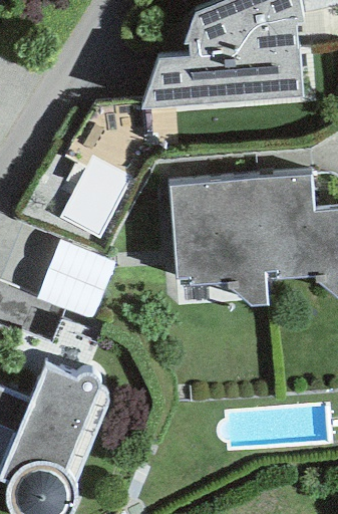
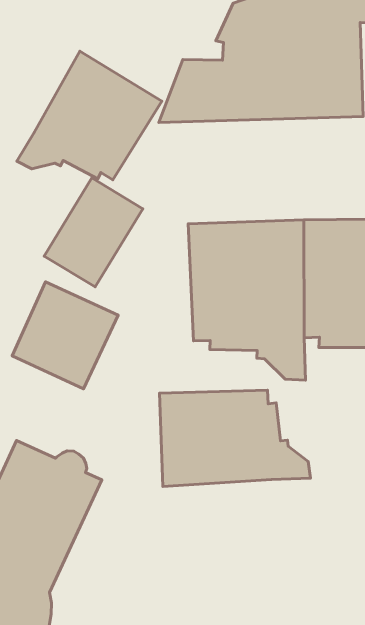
building: none -> [17,51,162,180]
building: none -> [160,390,310,487]

